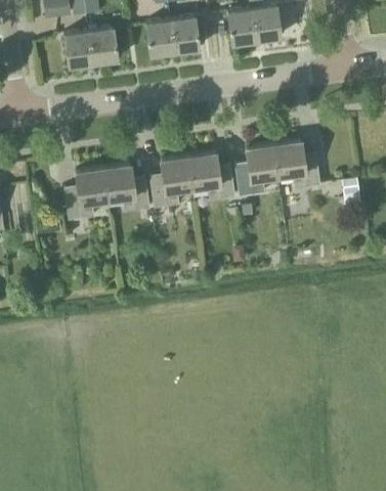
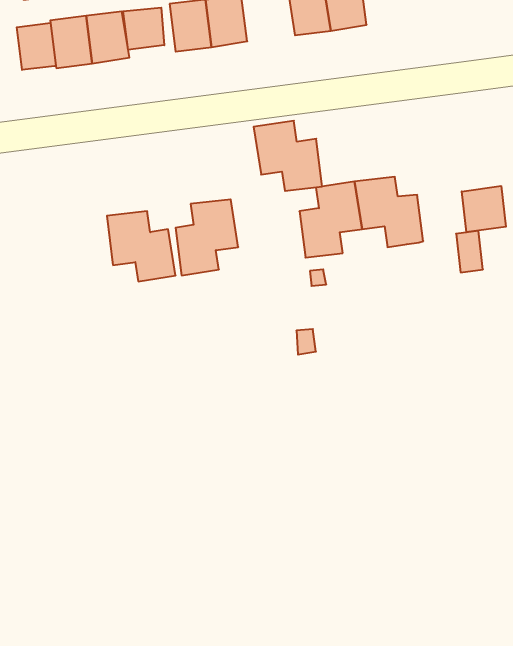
building: none -> [123,8,164,50]
building: none -> [17,23,56,70]
building: none -> [462,186,506,232]
building: [187,151,234,199] -> [254,121,322,191]
building: [63,167,106,219] -> none

